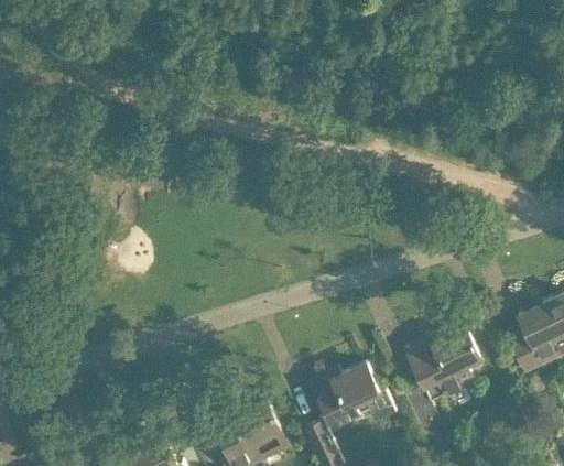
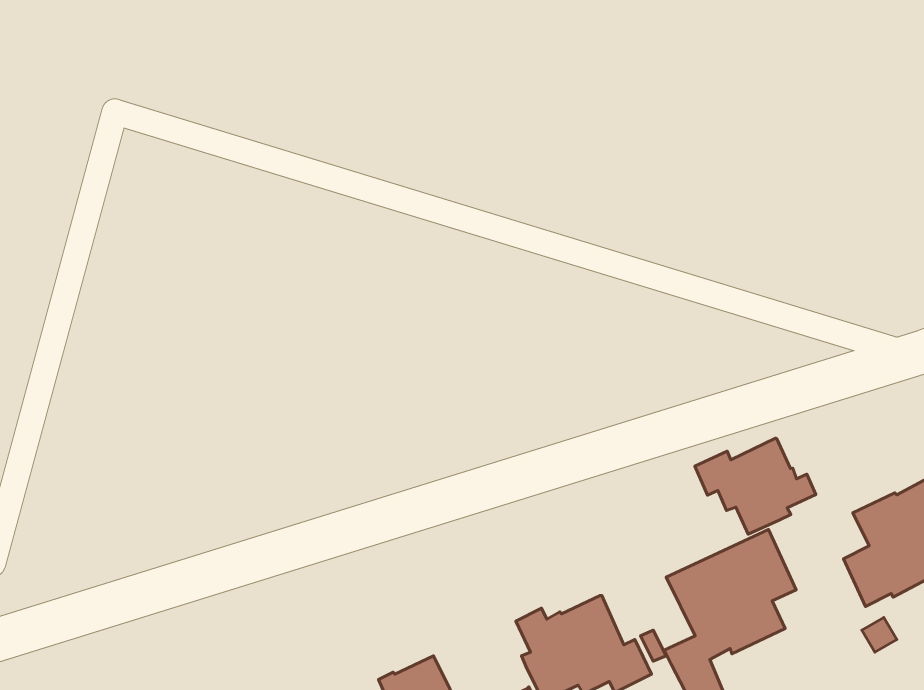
building: none -> [695,438,816,534]

